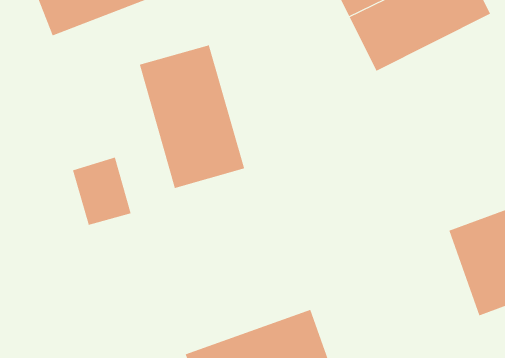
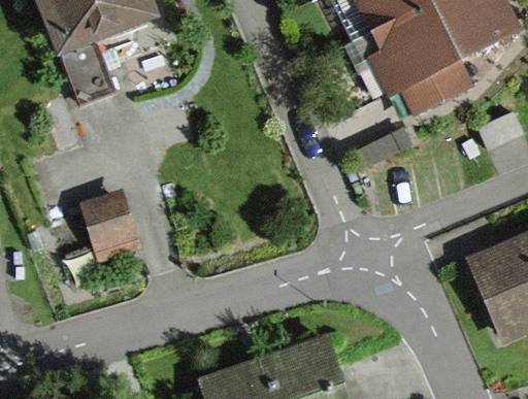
building: [139,45,245,189] -> none

